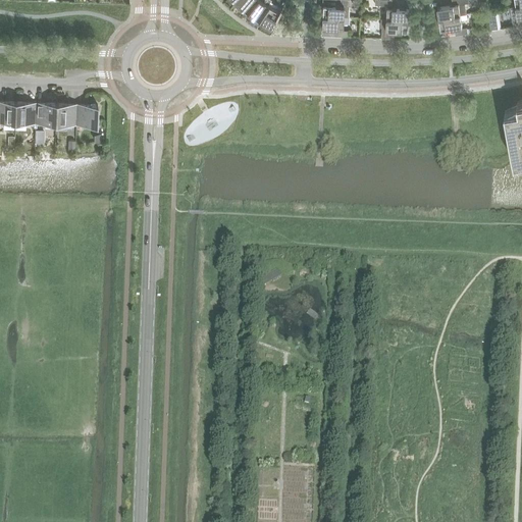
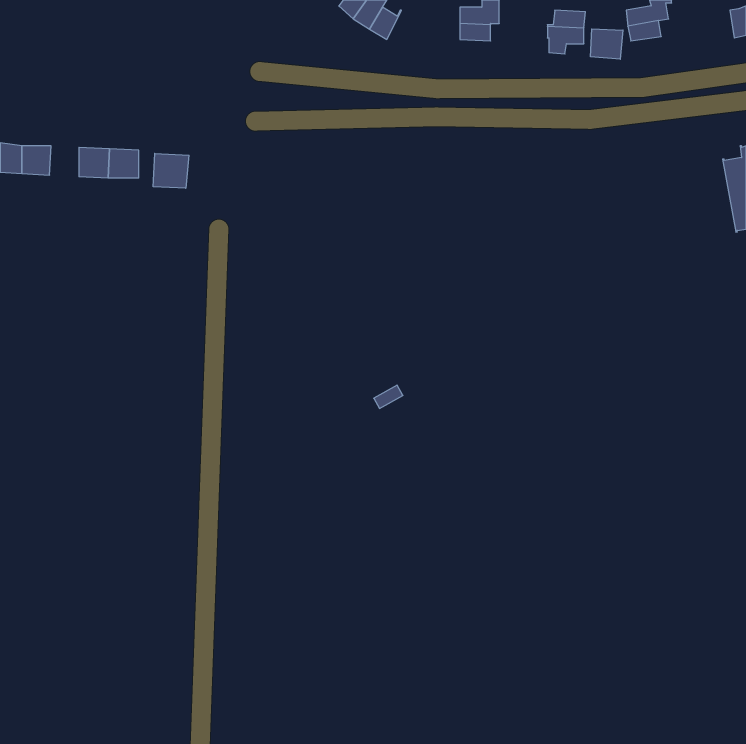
building: none -> [591,29,623,59]
building: [35,103,55,124] -> none
building: none -> [153,153,189,188]

